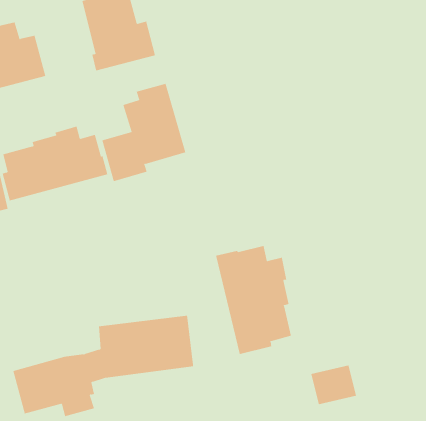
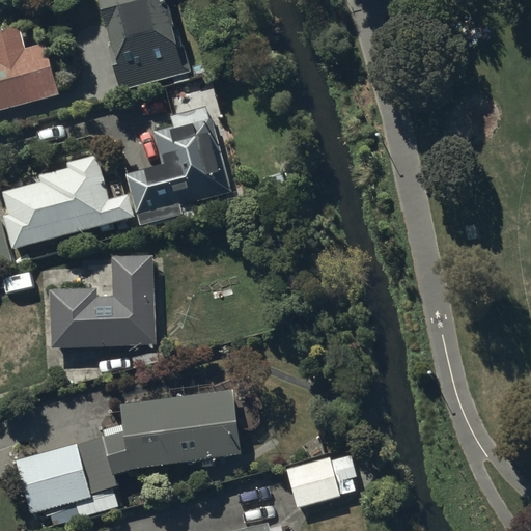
building: none -> [49,256,156,347]
building: [216,245,291,355] -> none
building: [311,365,357,405] -> [286,455,343,505]

